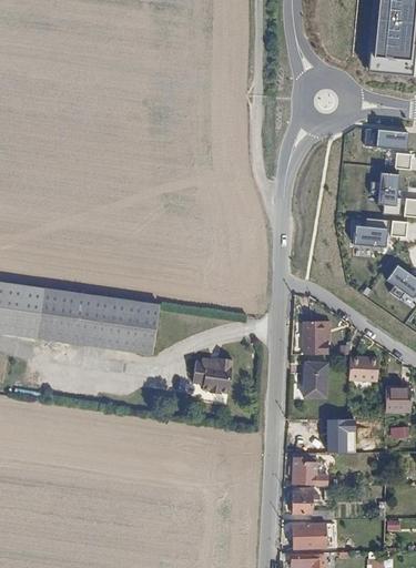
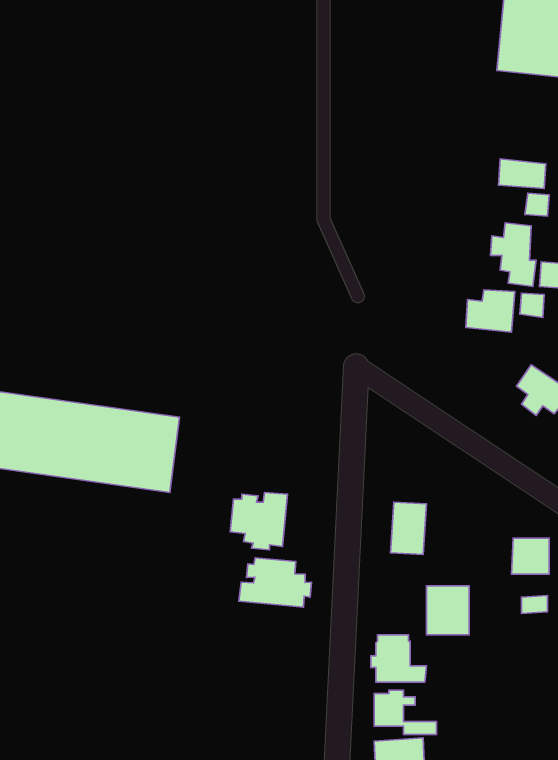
building: [302,321,328,354] -> none
building: [348,356,377,382] -> none
building: none -> [239,558,312,607]

